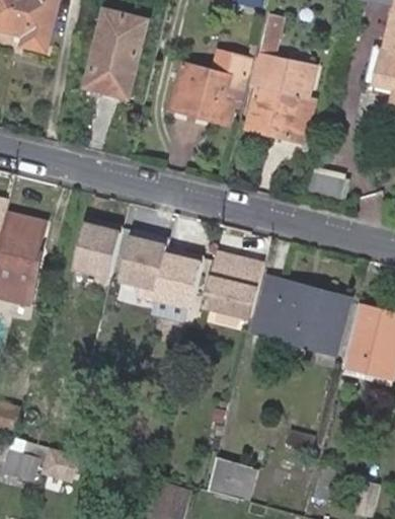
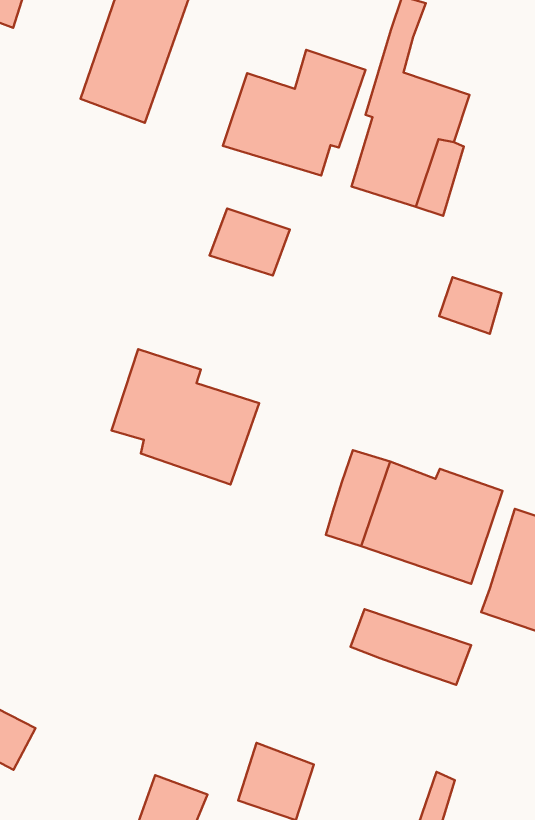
building: none -> [209,209,290,275]
building: [72,217,123,277] -> none
building: [203,253,264,317] -> none
building: none -> [351,609,471,685]

